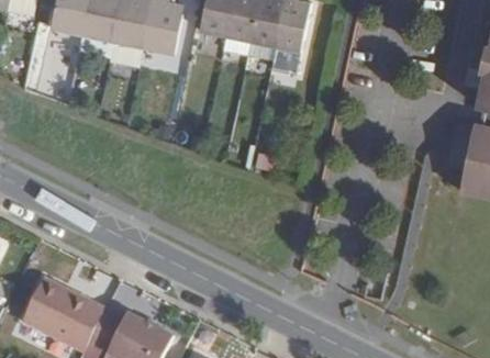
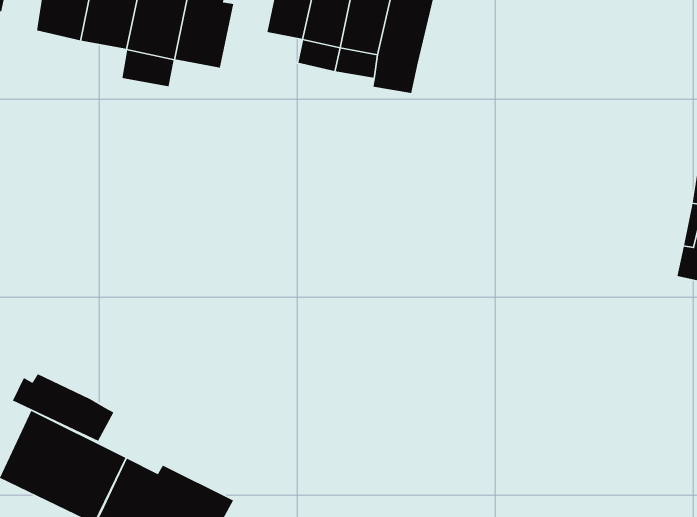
building: none -> [12,373,115,442]

